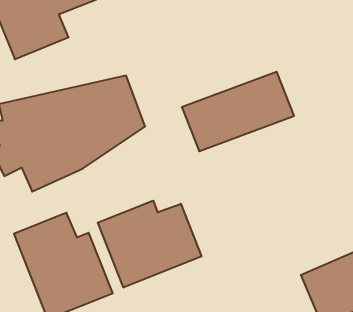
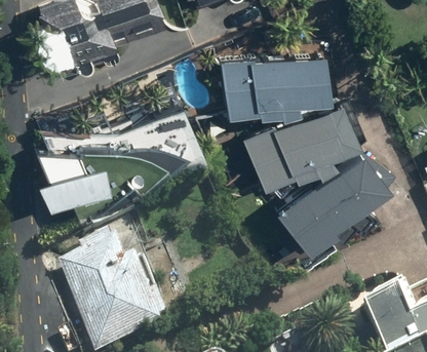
building: none -> [219,41,334,111]
building: none -> [280,151,387,246]
building: [98,201,202,288] -> none

